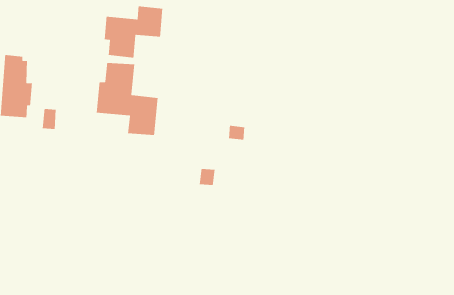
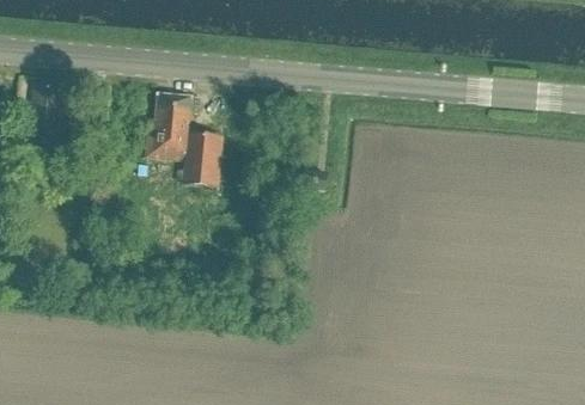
building: [104,5,163,59] -> none

